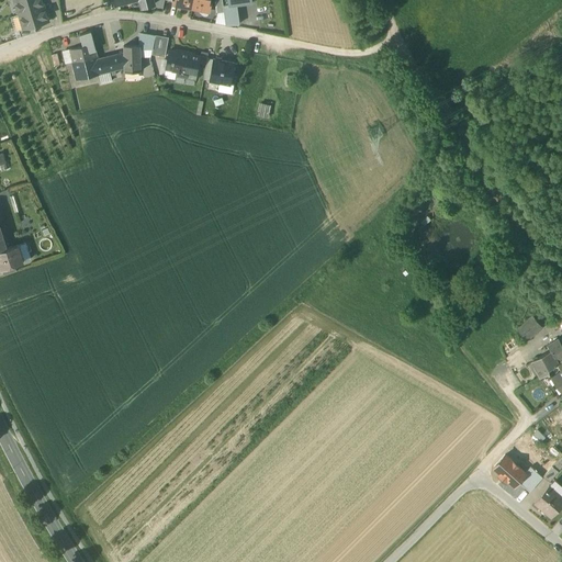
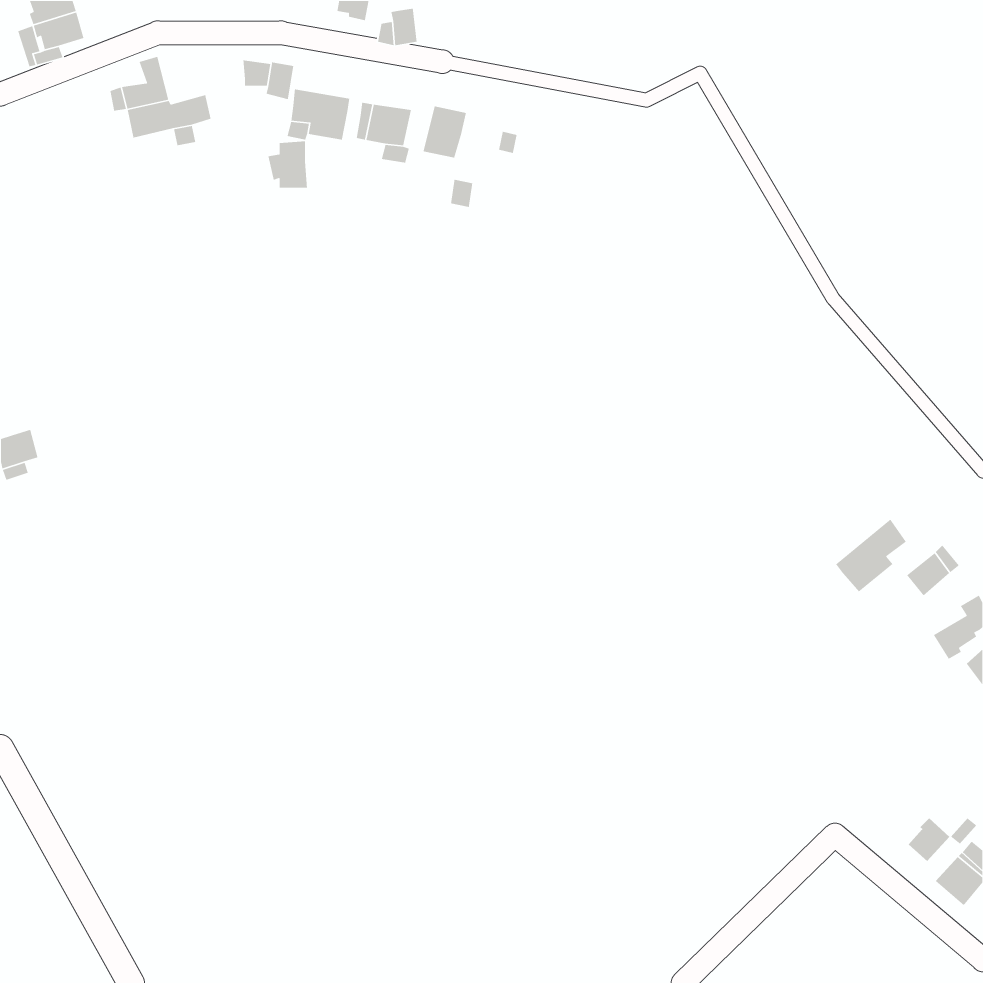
building: [117,45,140,72] -> [267,140,308,189]
building: none -> [422,106,467,159]
building: none -> [835,519,907,592]
building: [493,454,526,486] -> none

